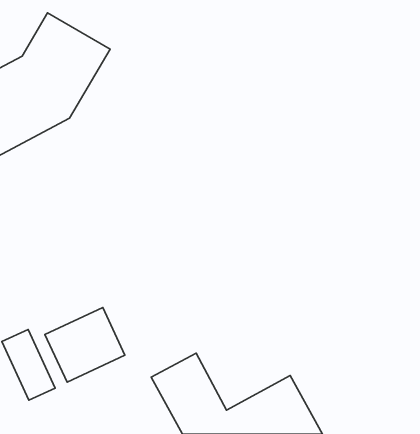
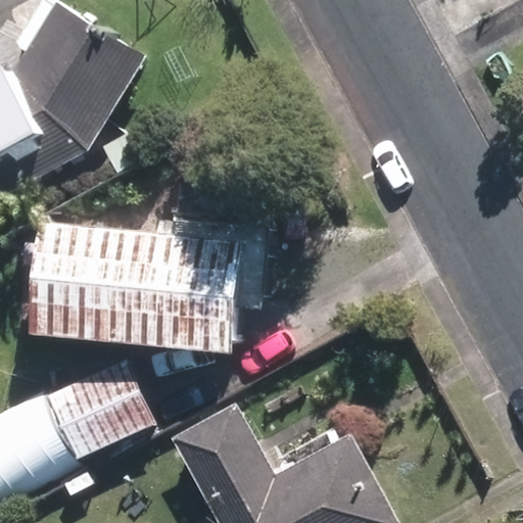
building: none -> [51,223,252,338]

